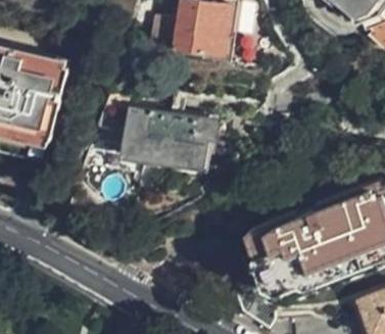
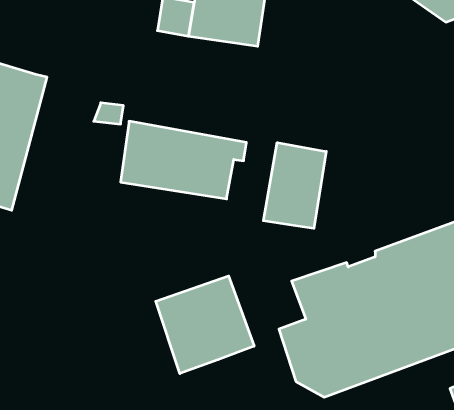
building: none -> [263,143,326,228]
building: none -> [156,276,254,374]

